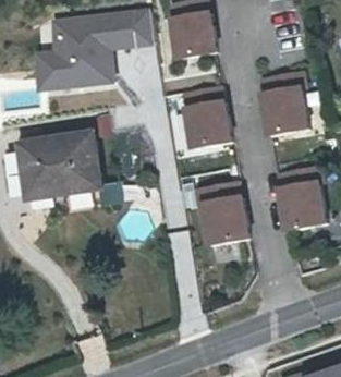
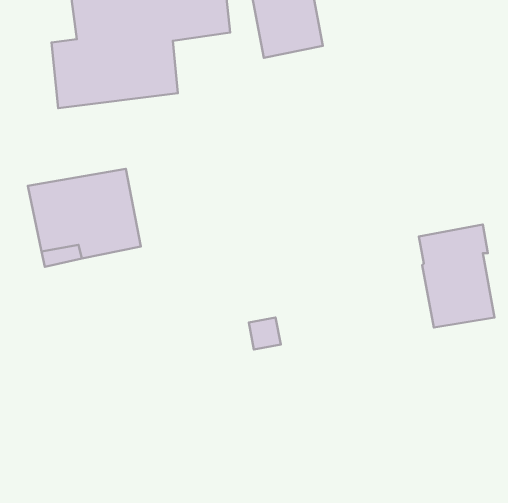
building: [259,73,308,141] -> none
building: [183,88,232,153] -> none
building: [197,185,251,251] -> none

